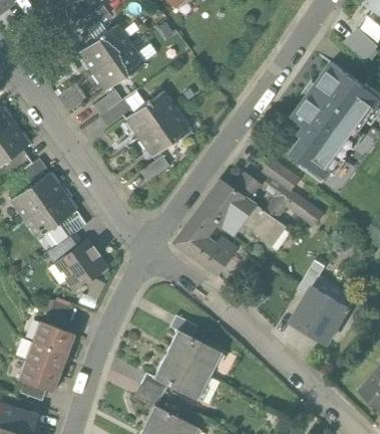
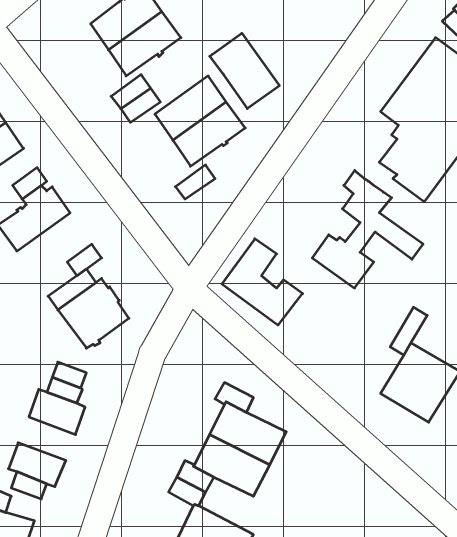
building: none -> [210,33,279,109]
building: [199,174,260,230] -> none
building: [24,191,76,238] -> none
building: [25,341,67,373] -> none

